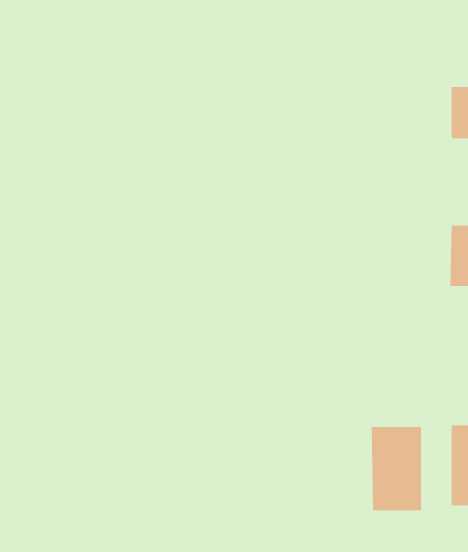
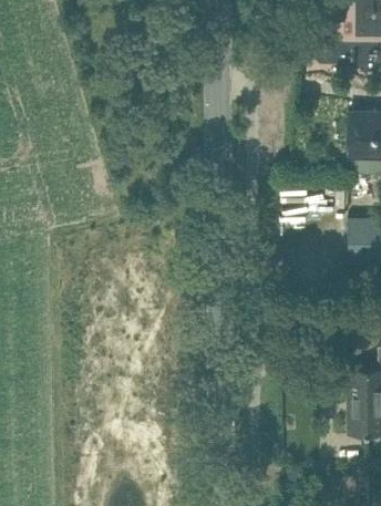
building: [371,426,422,511] -> none

